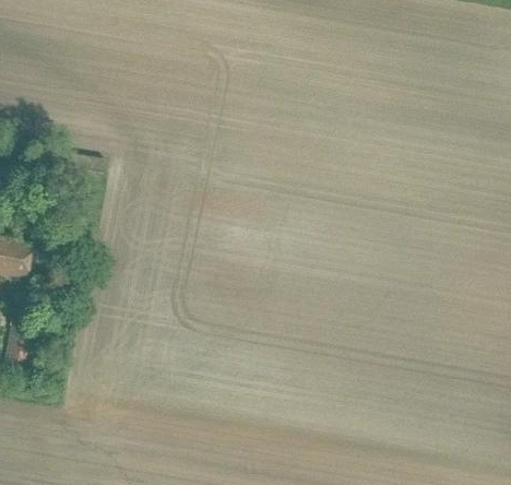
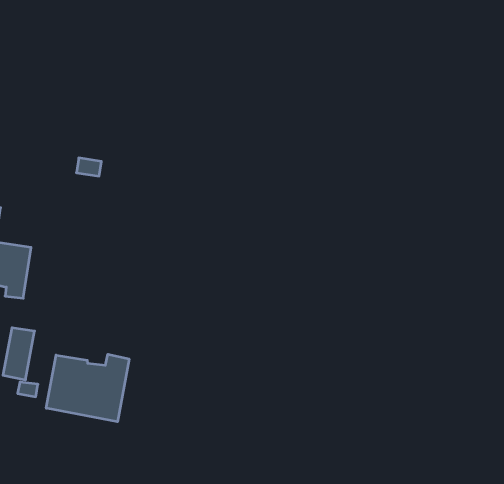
building: none -> [46,354,129,422]

